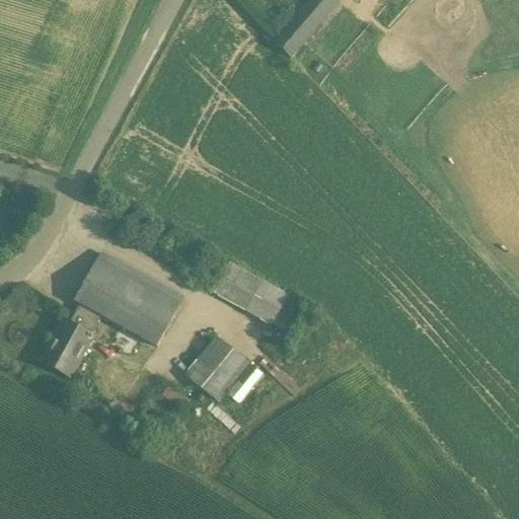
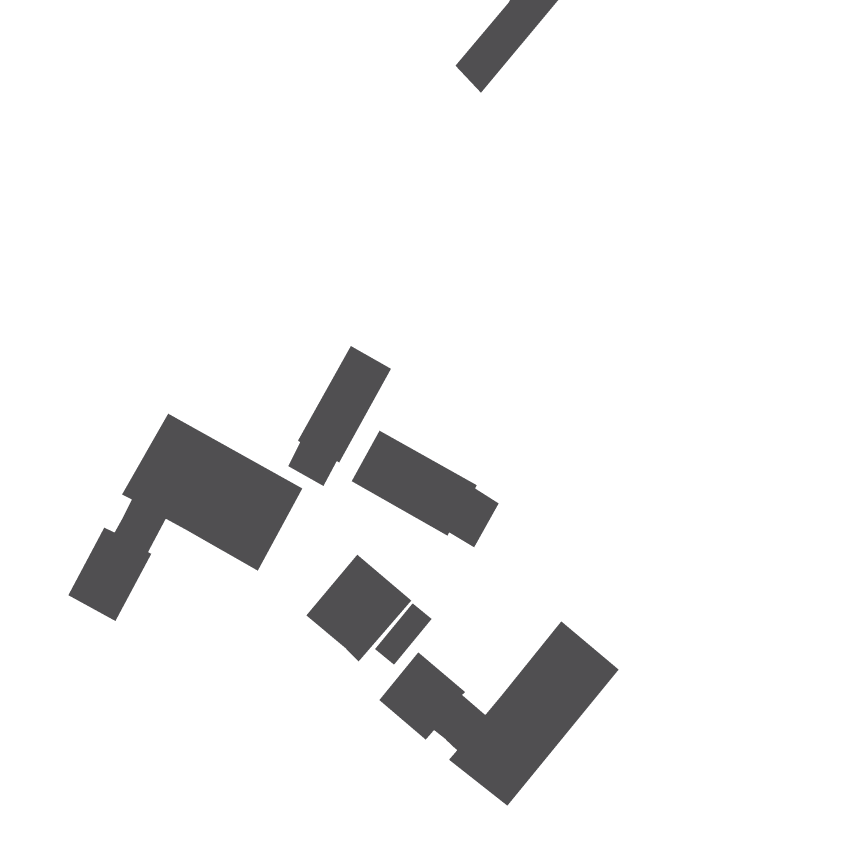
building: none -> [287,345,392,487]
building: none -> [378,620,620,807]

